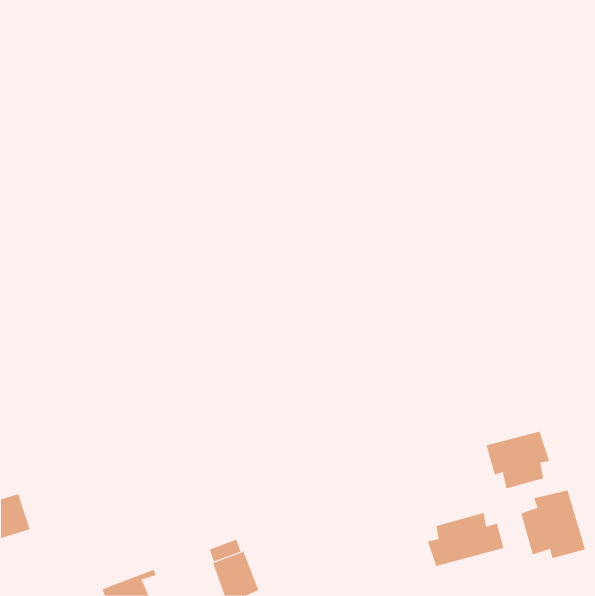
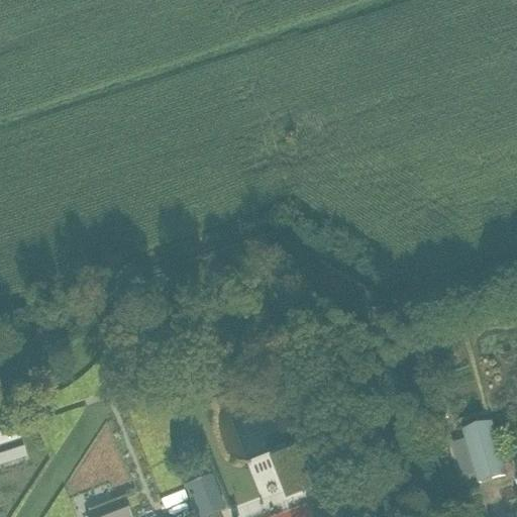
building: [486,431,550,489] -> none
building: [427,512,504,567] -> none

